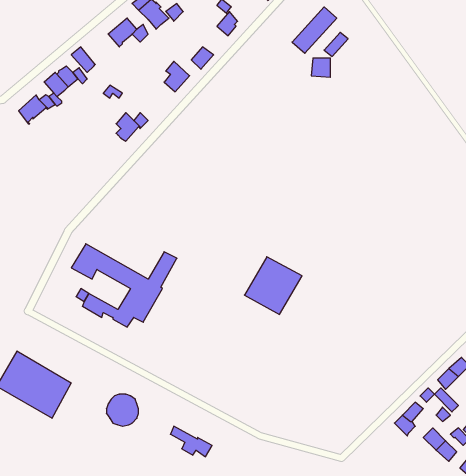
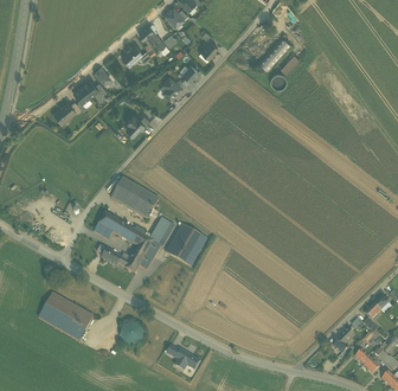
building: none -> [110,177,158,218]
building: [244,257,302,314] -> [163,223,206,265]

